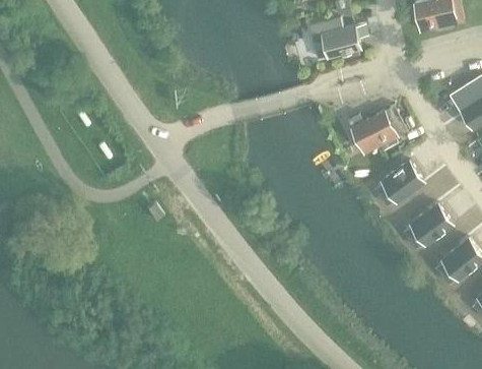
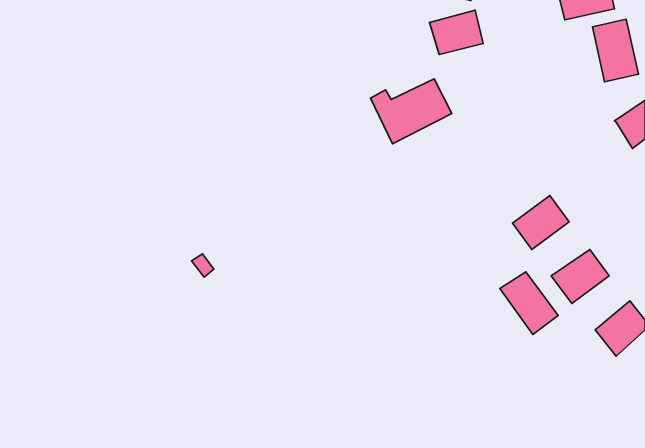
building: none -> [592,19,639,82]
building: [347,107,407,155] -> [370,79,452,144]
building: none -> [500,272,558,334]

